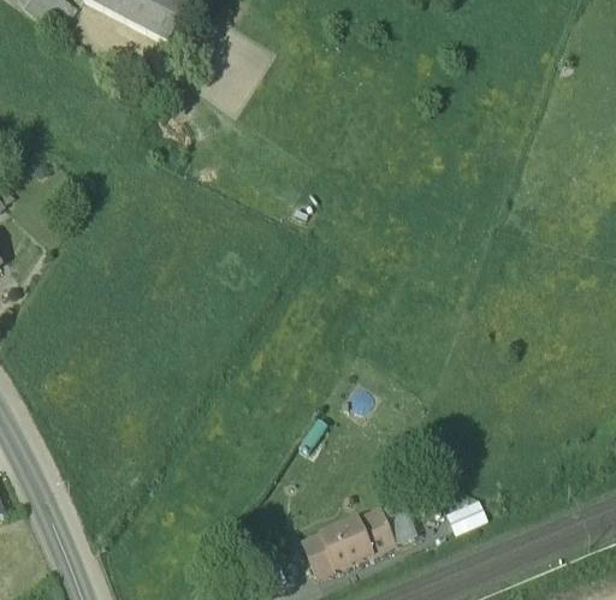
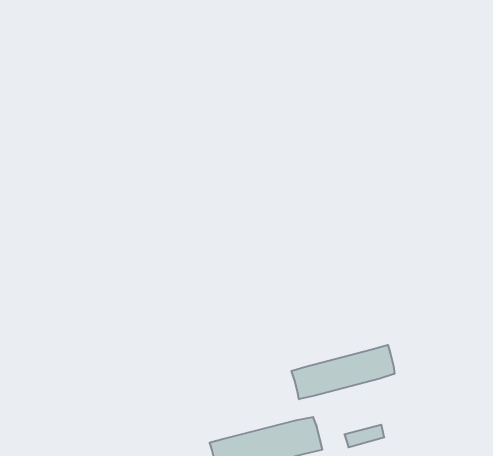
building: none -> [291,345,394,399]

